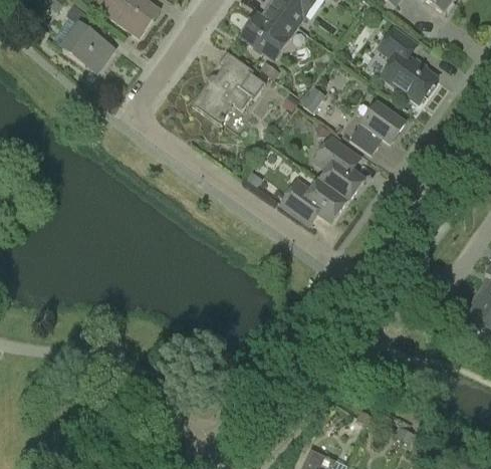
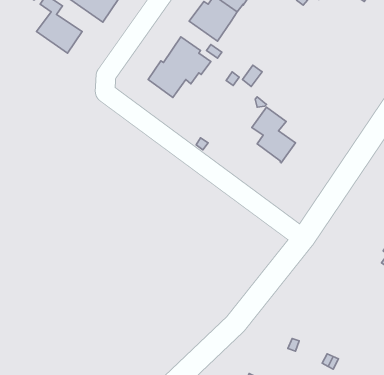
building: [379,28,437,102] -> none
building: [349,101,406,155] -> none
building: [280,179,346,223] -> none

